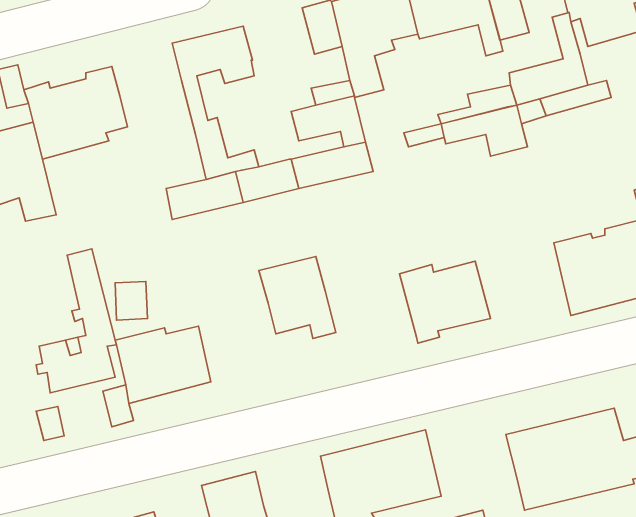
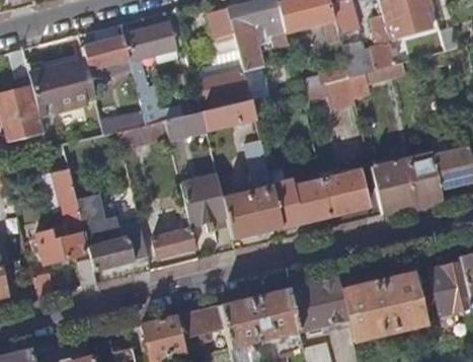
building: none -> [83,23,130,70]
building: none -> [224,141,284,239]
building: none -> [322,169,370,216]
building: none -> [153,206,198,259]
building: none -> [290,277,349,333]
building: none -> [178,306,226,339]

